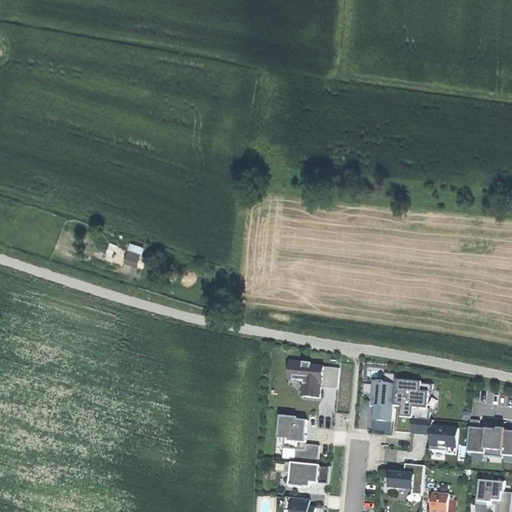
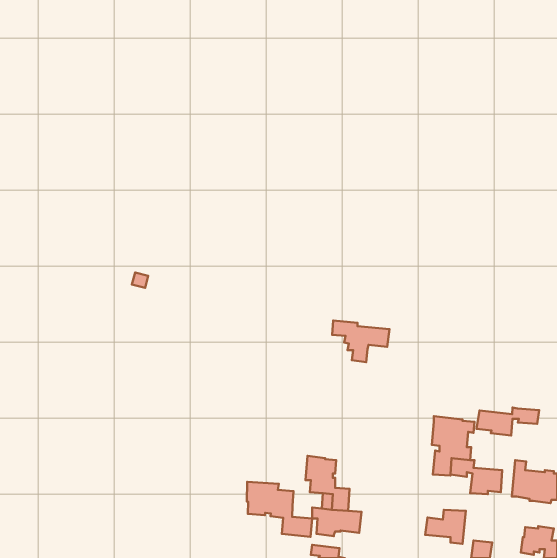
building: [287,360,339,398] -> [332,321,389,362]
building: none -> [476,407,539,436]
building: [371,381,395,421] -> none
building: none -> [247,482,312,537]

